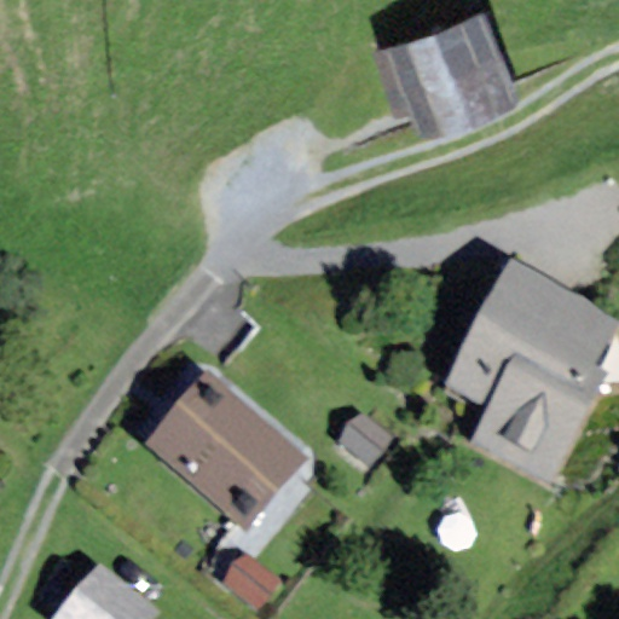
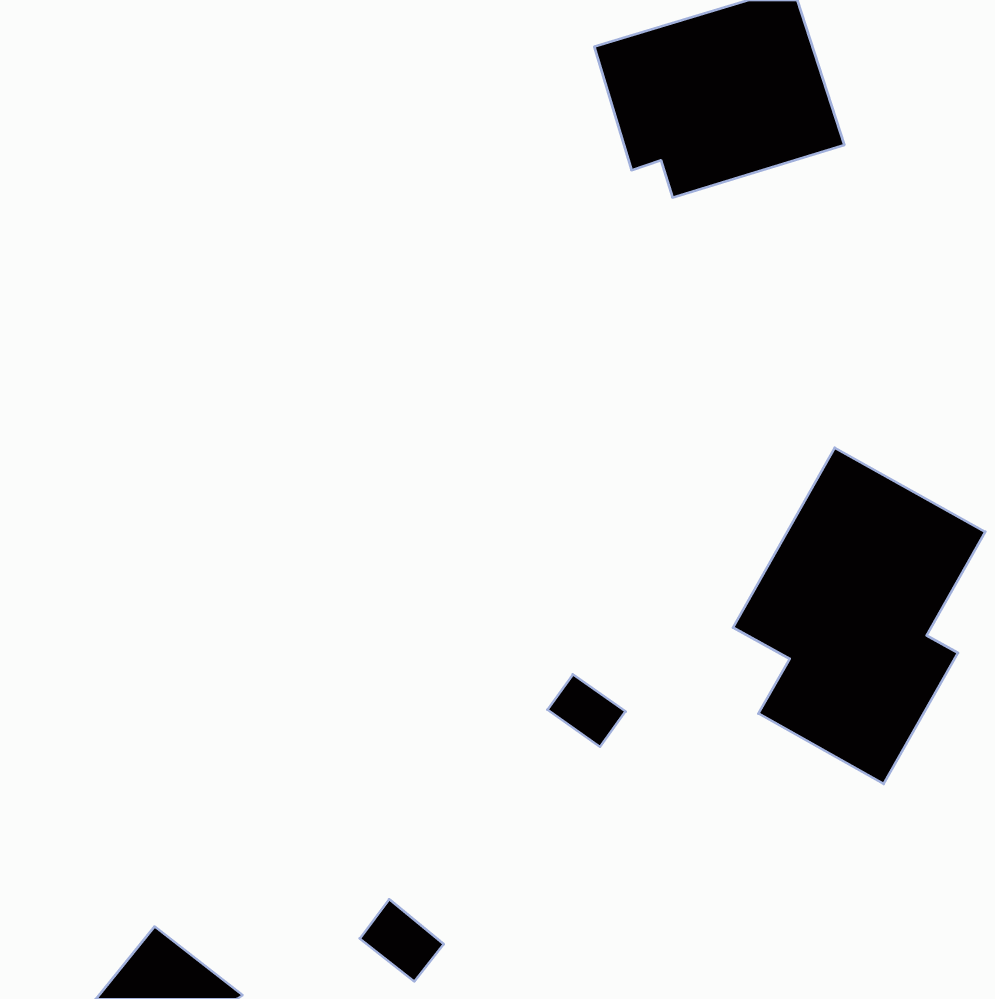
building: [152,386,296,525] -> none

